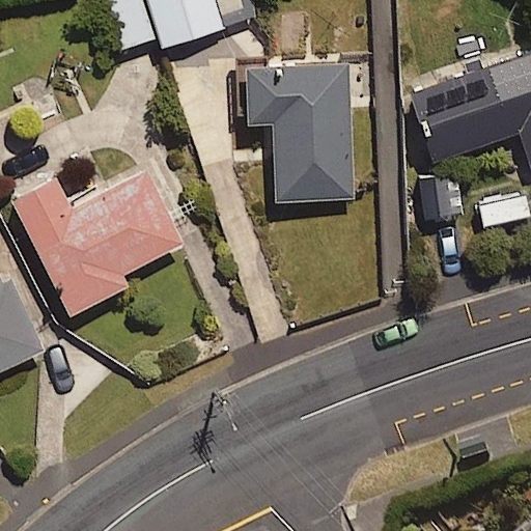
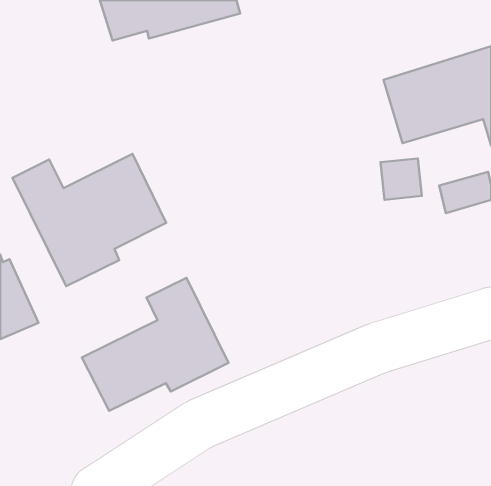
building: [245,64,353,201] -> none
building: none -> [82,278,228,411]

